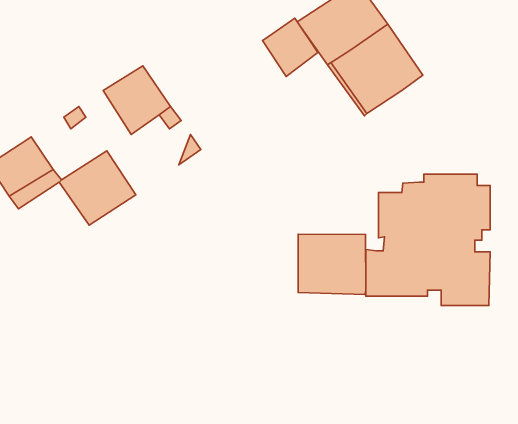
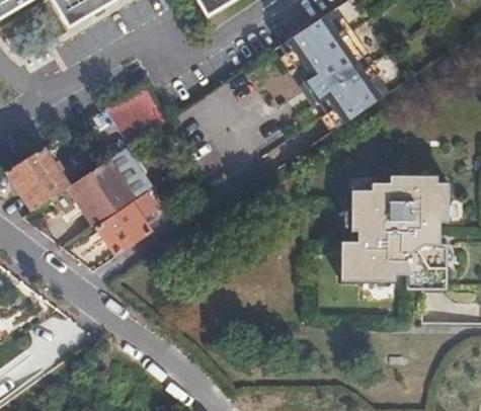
building: [262,18,318,76] -> none
building: none -> [103,189,170,249]
building: [298,234,366,295] -> none

